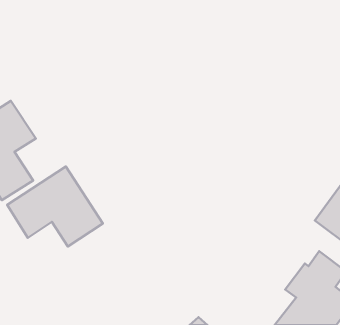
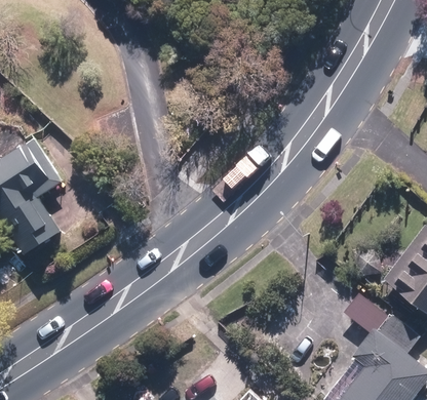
building: [7,166,103,247] -> none

